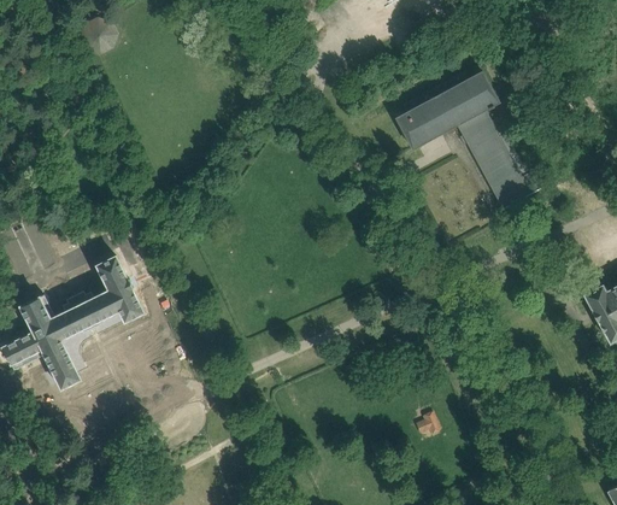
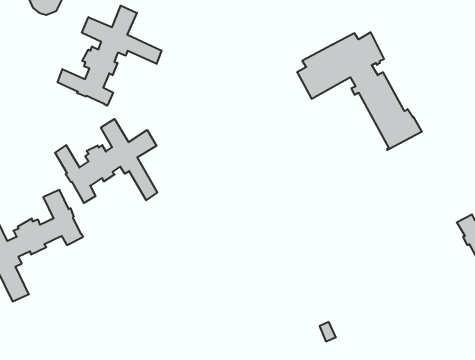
building: none -> [58,6,162,106]
building: none -> [55,119,157,203]

